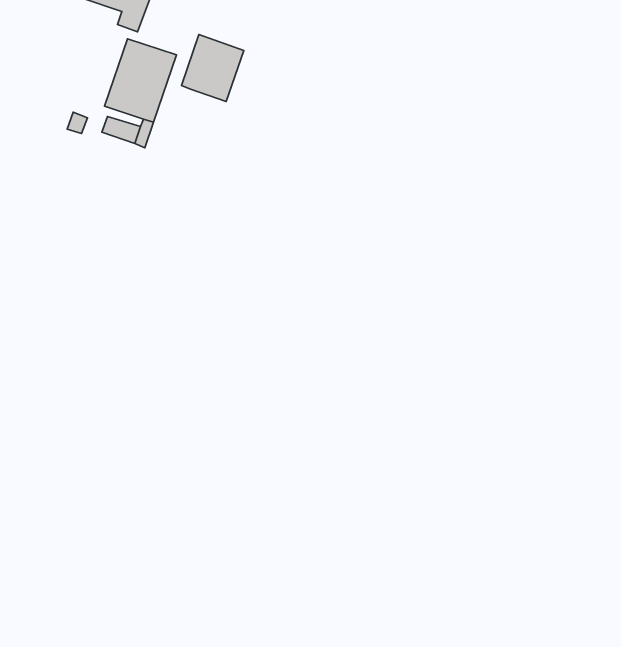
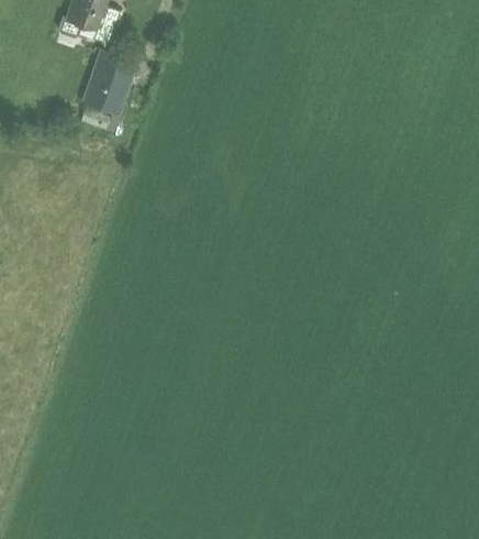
building: [181,35,244,102] -> none

